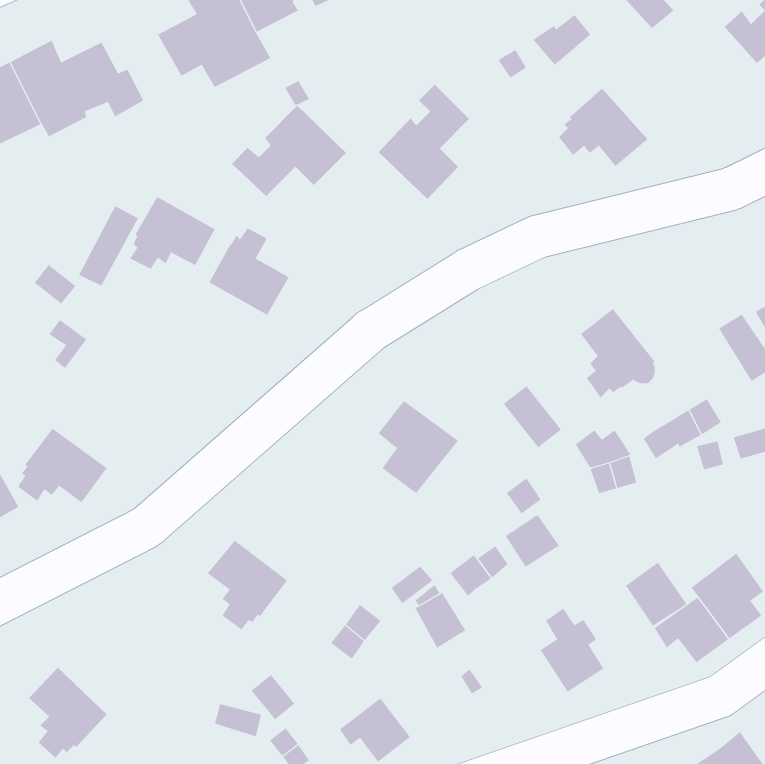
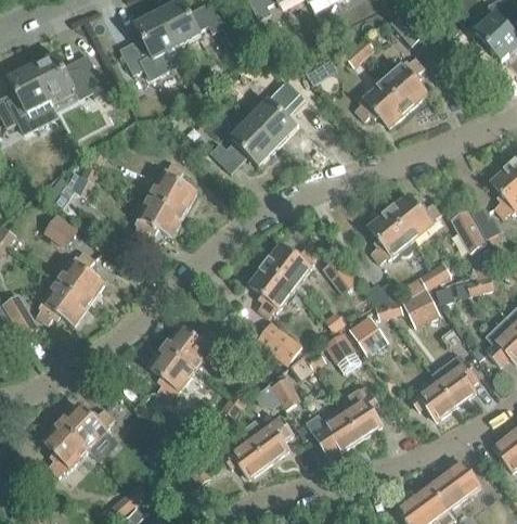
building: none -> [380,57,427,111]
building: [231,105,347,197] -> [209,118,277,172]
building: [129,196,216,270] -> [132,195,183,239]
building: none -> [387,194,440,242]
building: none -> [263,244,315,289]
building: none -> [56,251,103,305]
building: none -> [403,291,438,327]
building: none -> [255,321,301,366]
building: none -> [164,327,216,371]
building: [625,562,688,626] -> [349,317,386,355]
building: none -> [60,404,114,450]
building: none -> [306,412,360,458]
building: none -> [242,419,290,463]

